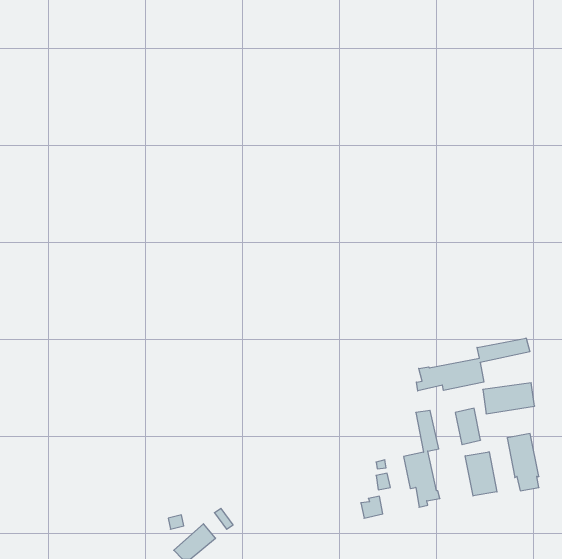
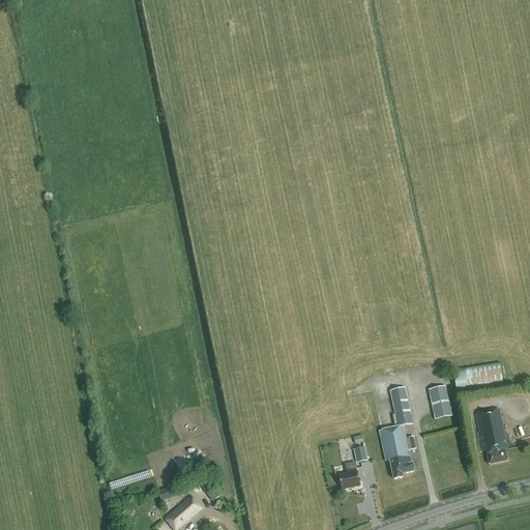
building: [416,338,530,391] -> none
building: [465,452,497,496] -> none

